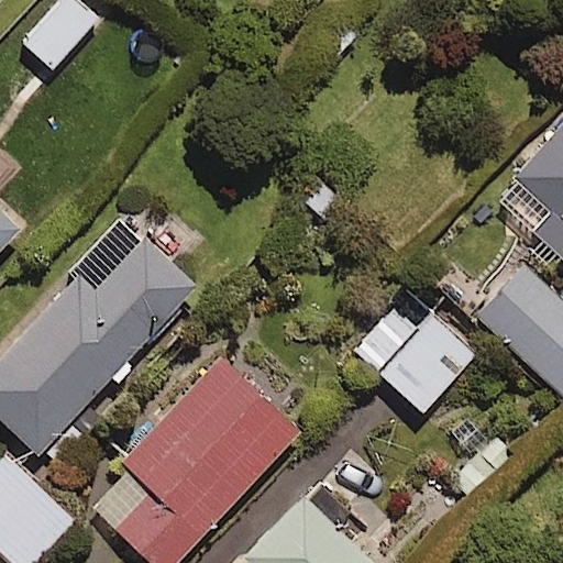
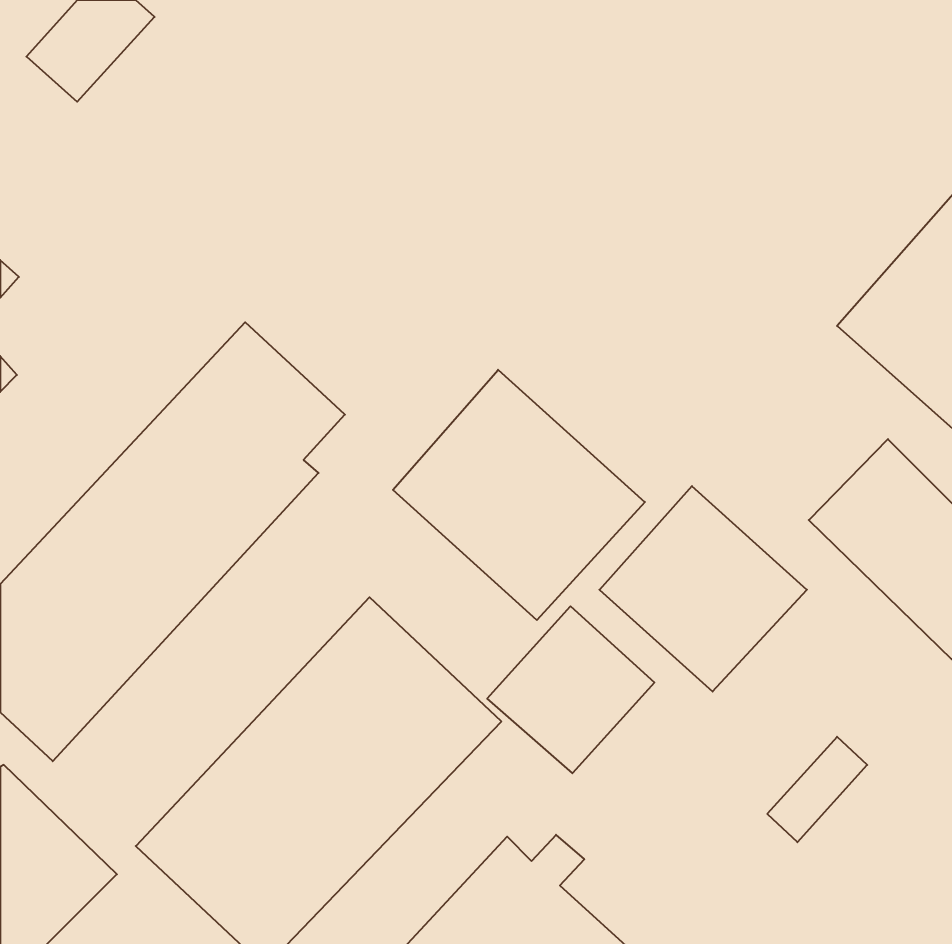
building: none -> [393,370,645,620]
building: none -> [487,606,654,773]

